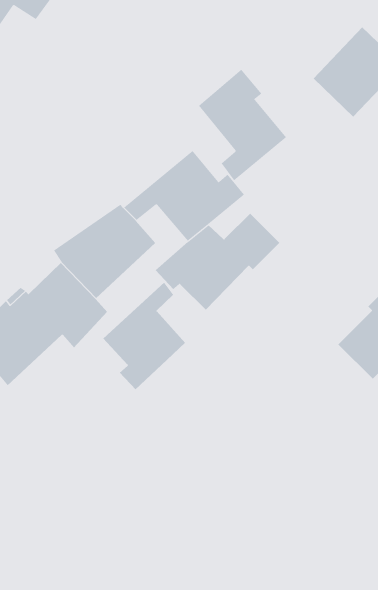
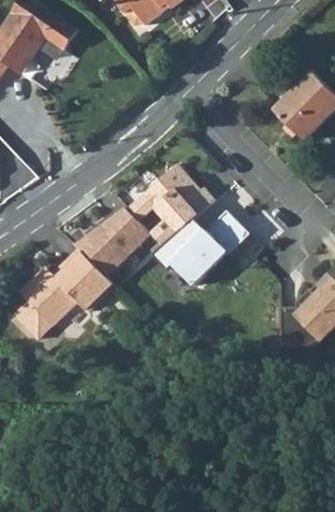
building: [198,69,287,181] -> none
building: [103,282,186,390] -> none

